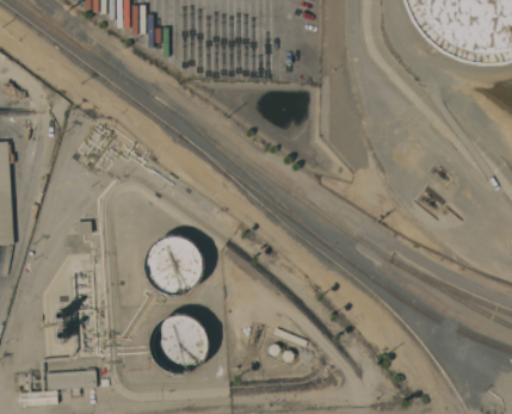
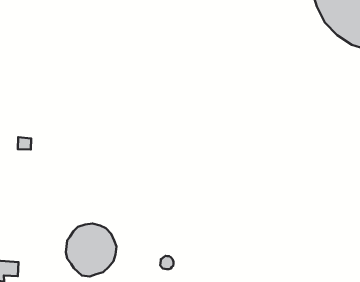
building: [144,234,203,296] -> none

